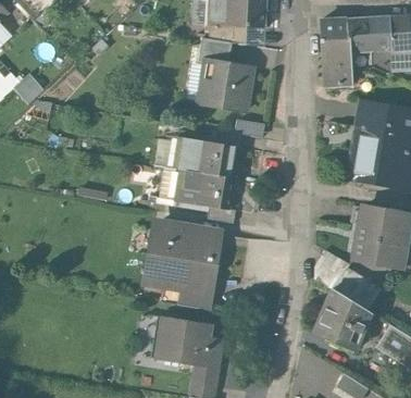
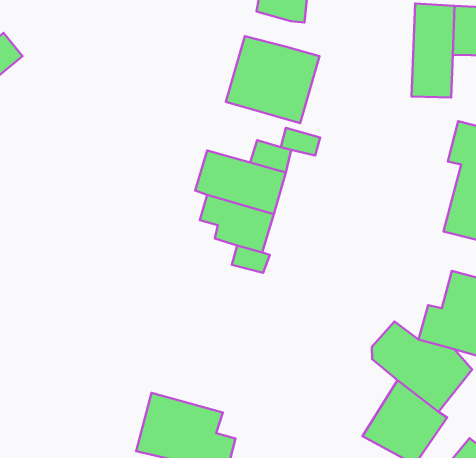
building: [198,37,232,61] -> none
building: [141,221,223,307] -> none

